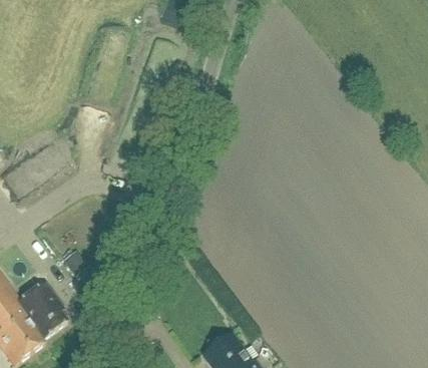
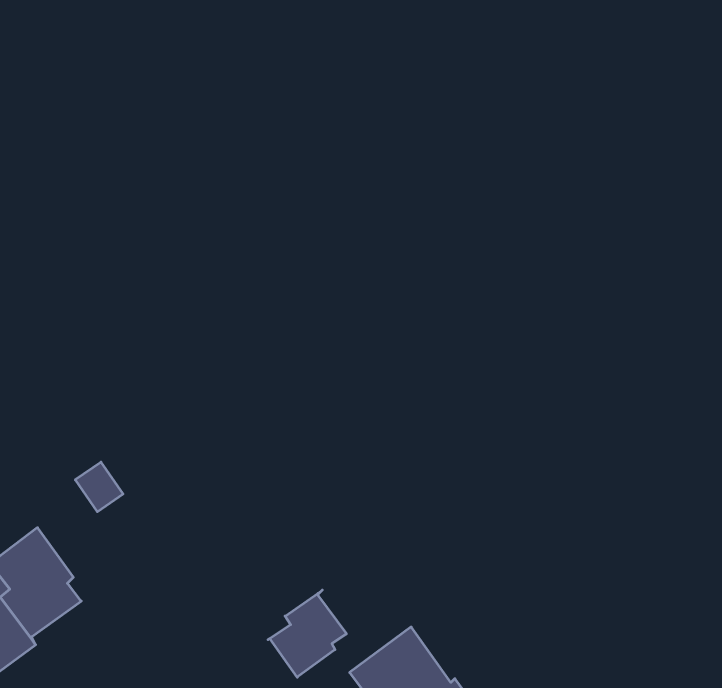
building: none -> [268,590,346,677]

